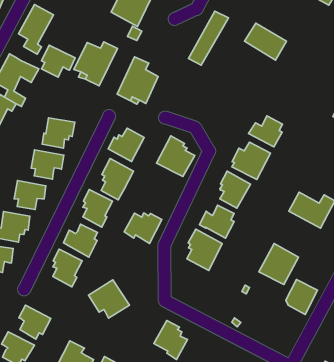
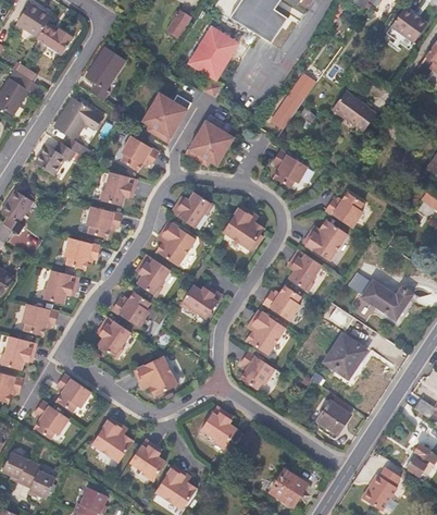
building: [41,45,75,77] -> [120,135,158,171]
building: none -> [272,148,307,187]
building: none -> [239,351,275,389]
building: [286,279,318,314] -> [315,400,351,439]

